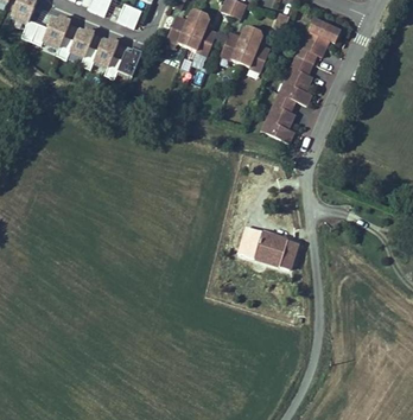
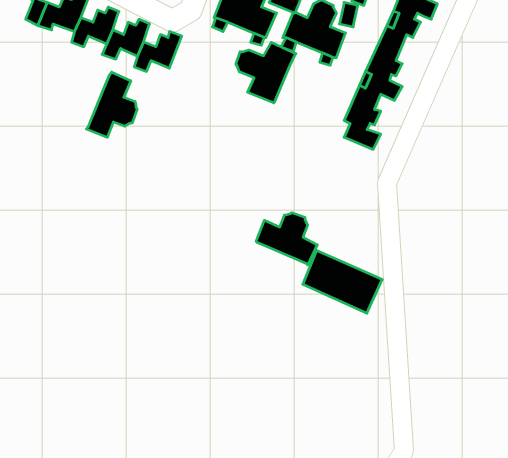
building: none -> [236,42,296,103]
building: none -> [86,72,137,137]
building: none -> [256,213,317,265]

